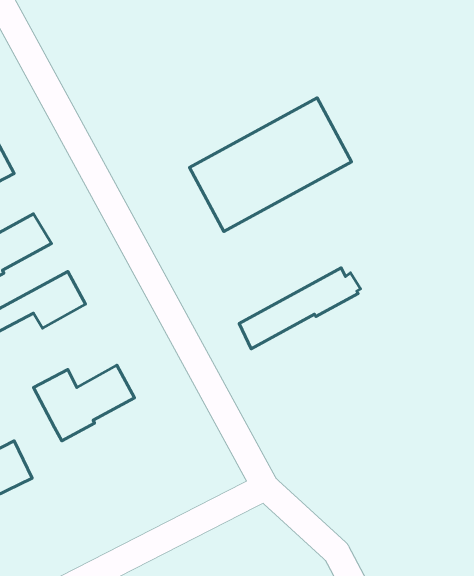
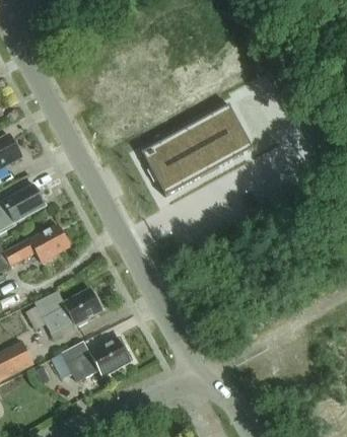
building: [239,268,360,349] -> none
building: none -> [51,337,132,382]

